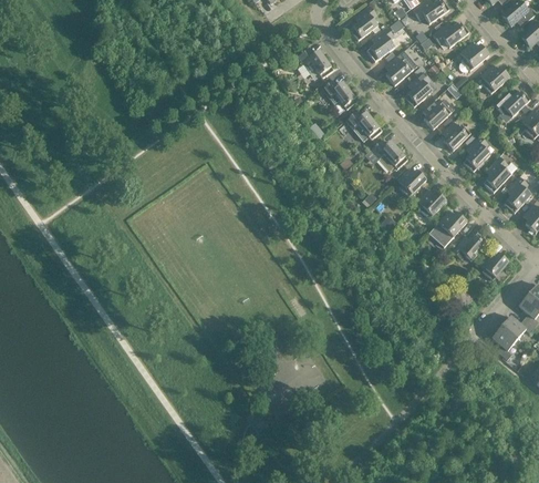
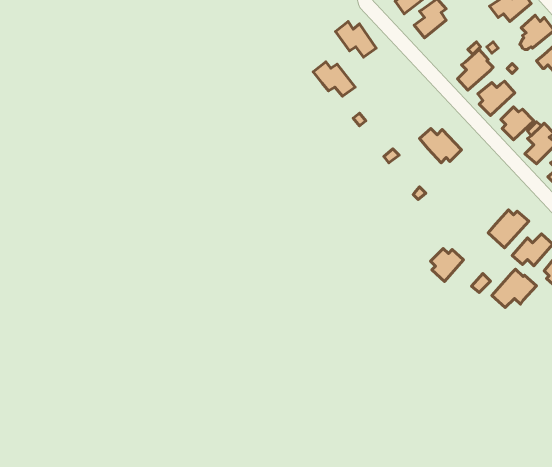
building: [384,50,416,84] -> none
building: [321,79,357,109] -> [313,62,355,96]
building: [345,110,382,141] -> none
building: [396,167,426,196] -> none
building: [417,189,446,218] -> [431,248,464,281]
building: none -> [492,269,536,308]

